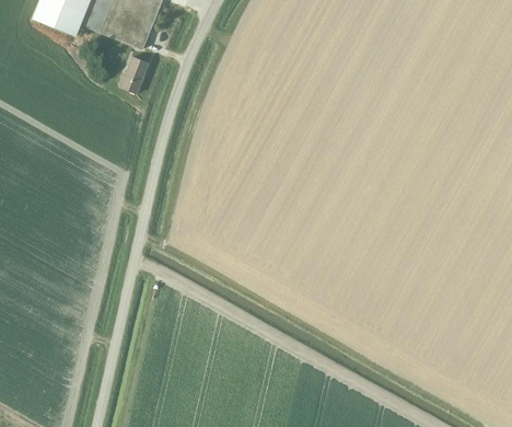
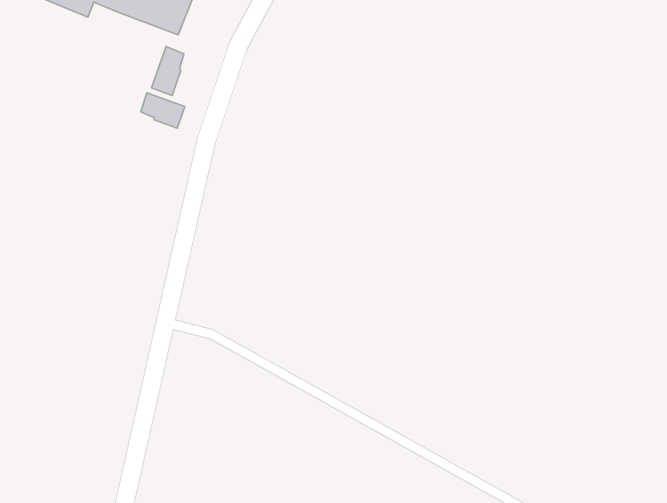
building: none -> [141,93,185,128]

